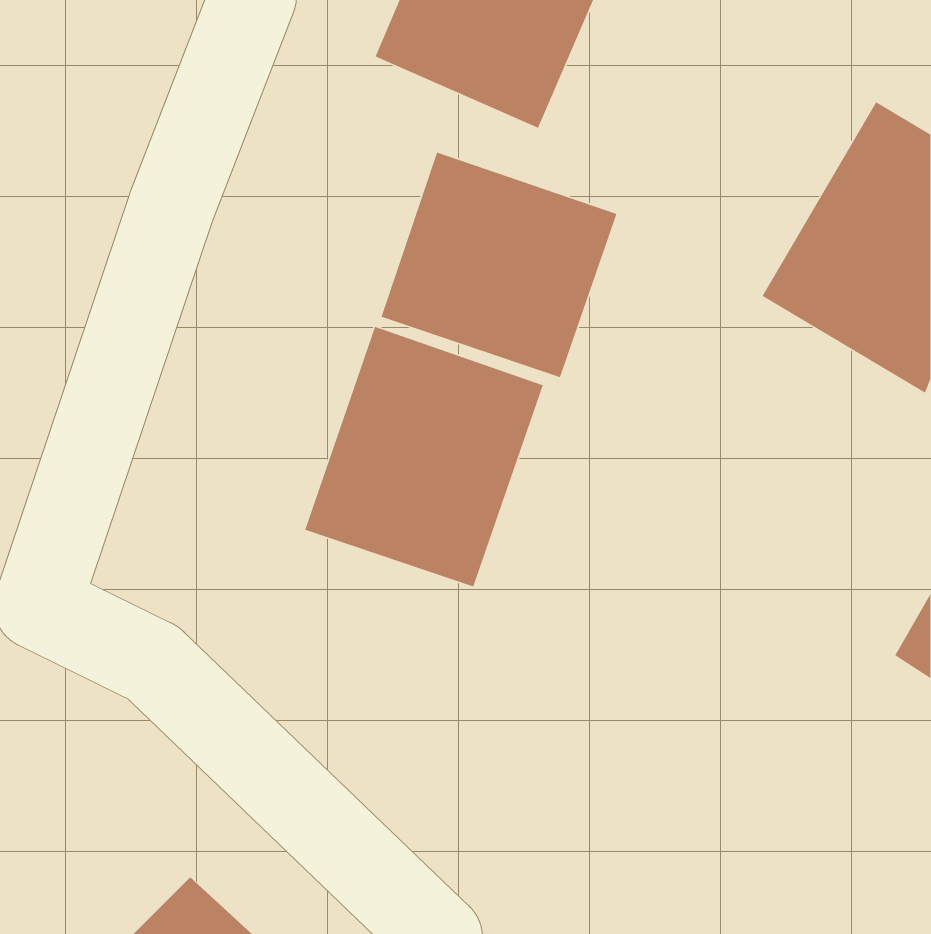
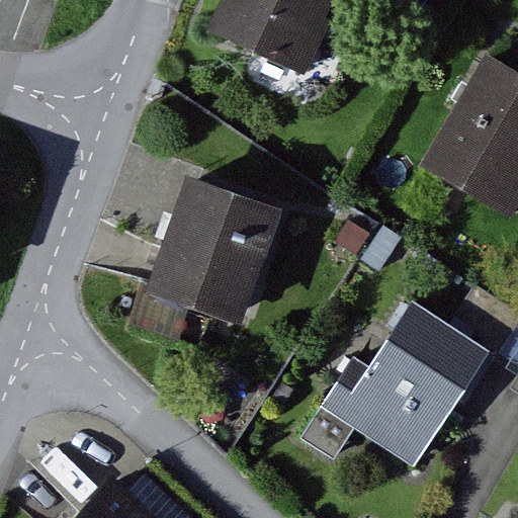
building: [381,151,618,378] -> none
building: none -> [299,301,487,466]

